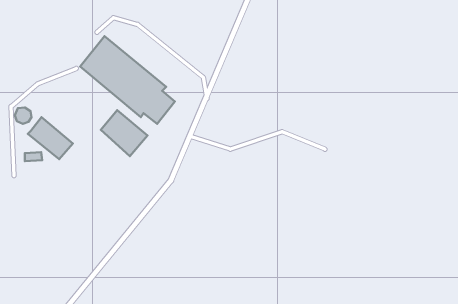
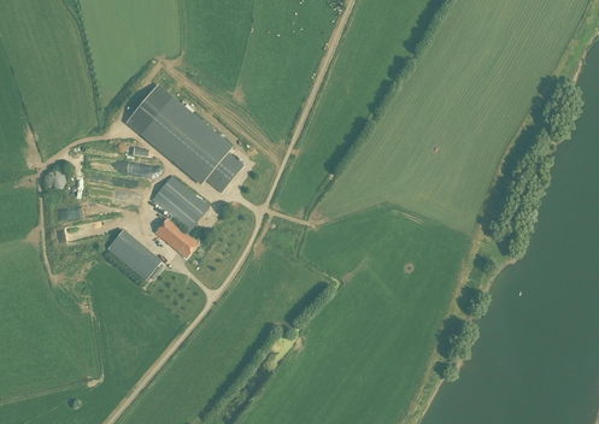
building: [28,117,73,159] -> [106,229,162,281]
building: none -> [154,218,196,258]

